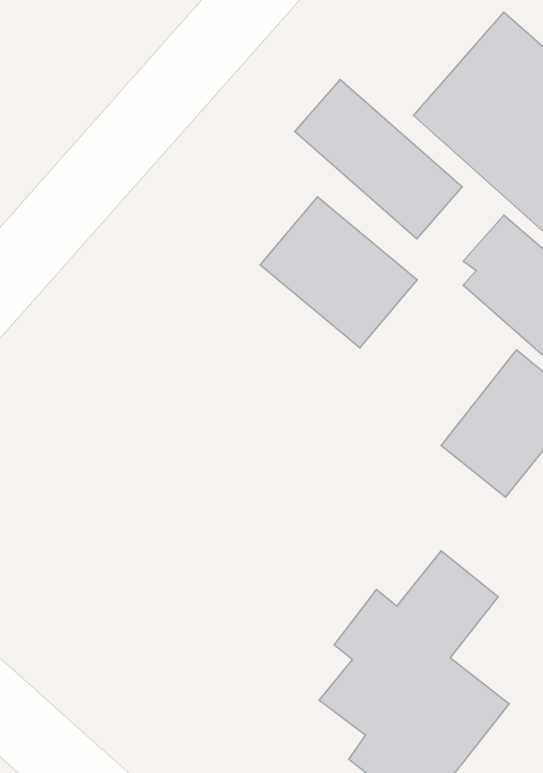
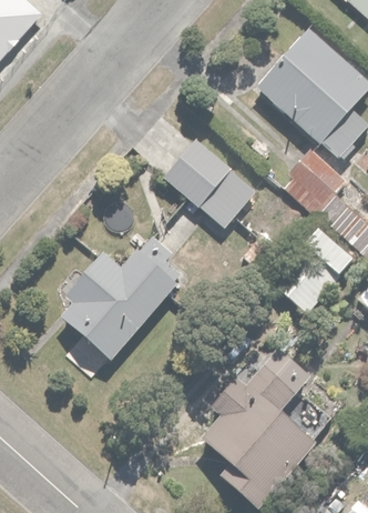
building: [295,79,462,239] -> none
building: none -> [59,248,177,359]

